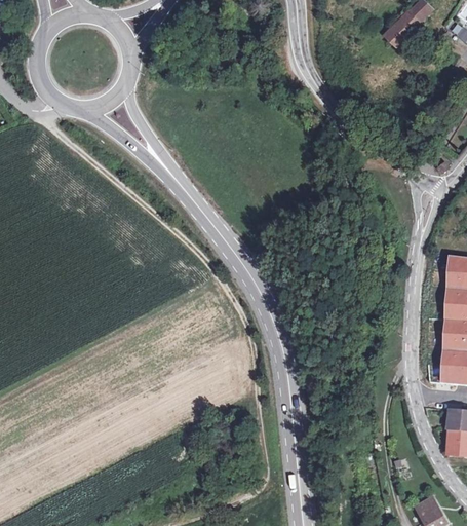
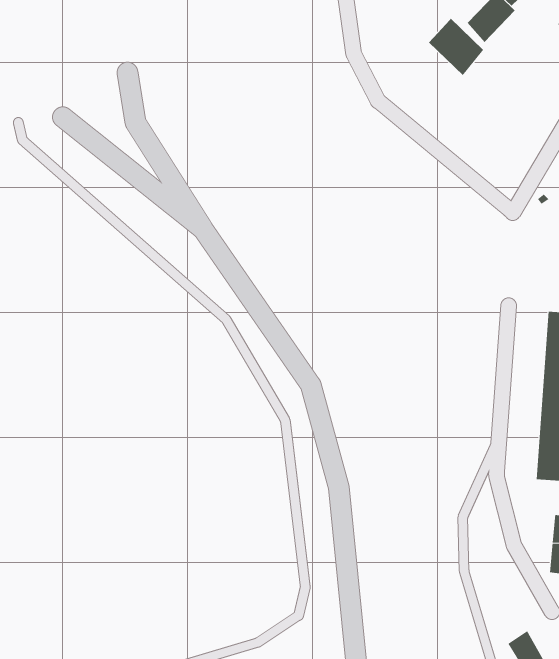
building: none -> [428,18,484,76]

